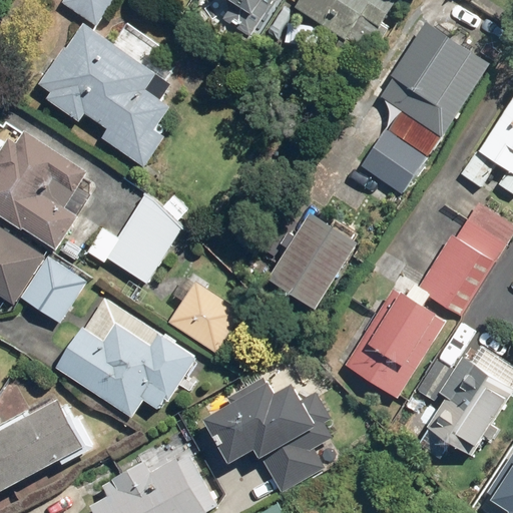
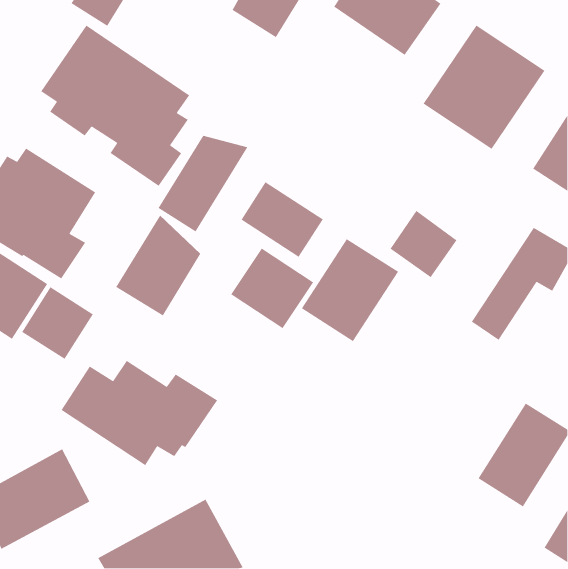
building: none -> [157,135,248,232]
building: [362,129,423,190] -> [389,210,458,278]
building: none -> [240,181,324,258]
building: [167,279,242,352] -> [230,247,314,329]
building: [346,289,444,395] -> none
building: [205,374,340,487] -> none

